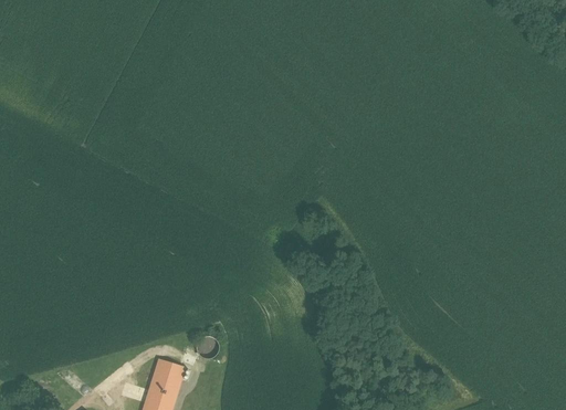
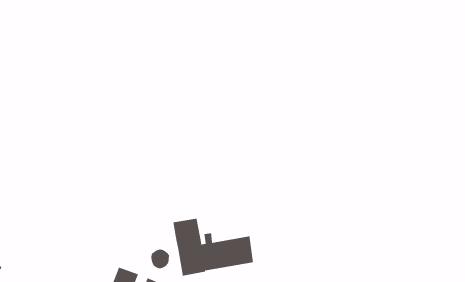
building: none -> [173,218,253,277]

